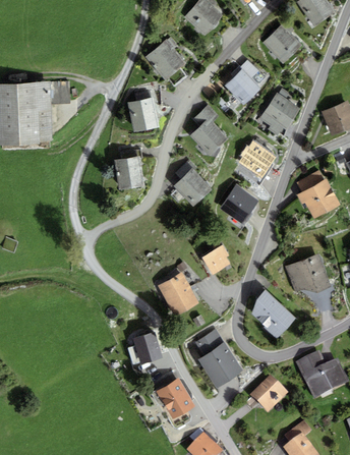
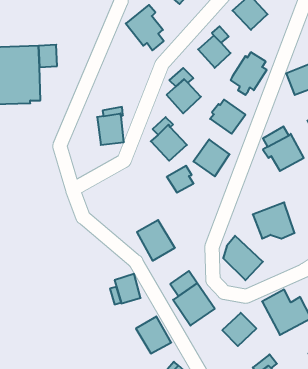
building: [127,98,158,133] -> none
building: [200,245,230,275] -> [167,166,194,193]

